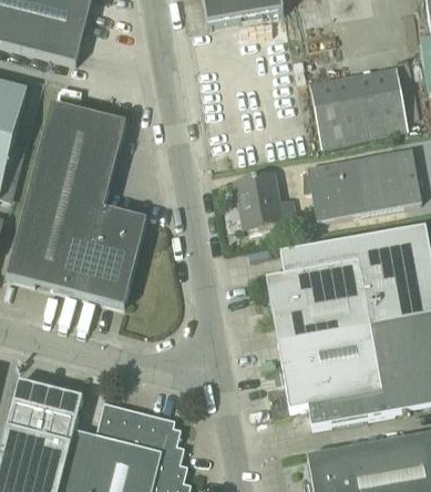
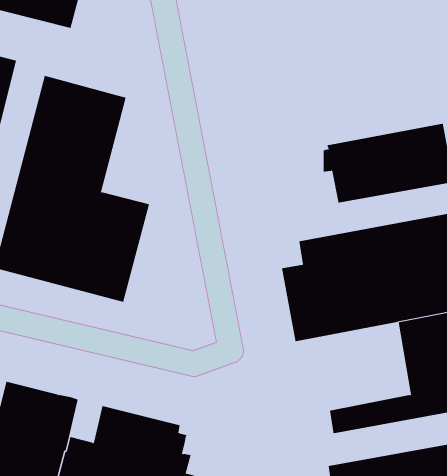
building: [307,68,407,145] -> none
building: [234,173,295,226] -> none
building: [277,325,381,408] -> none

